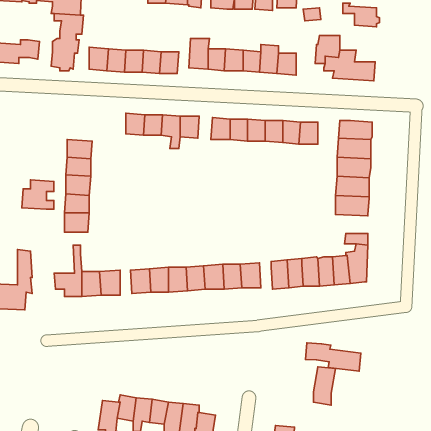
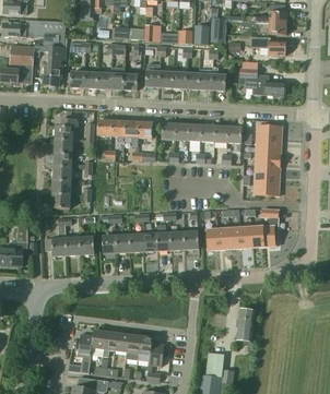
building: none -> [9,45,34,65]
building: [22,180,54,209] -> [54,118,78,140]
building: [305,343,361,371] -> none

